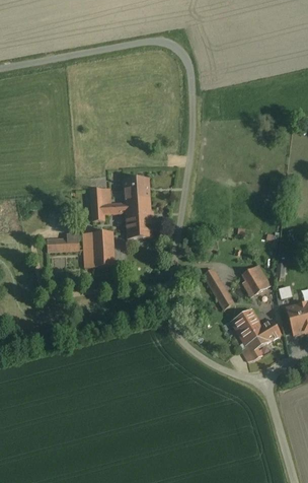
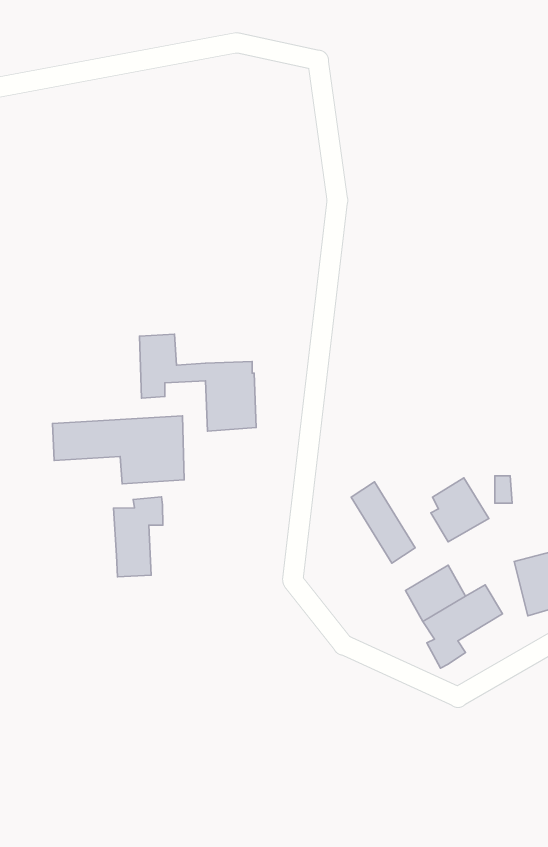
building: [124,178,150,203] -> none
building: none -> [114,497,163,577]

